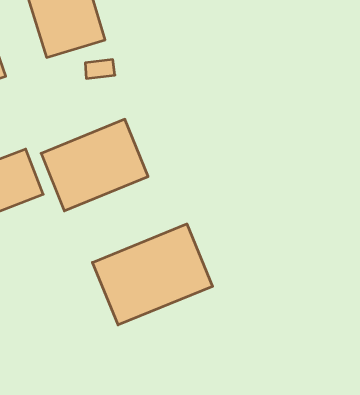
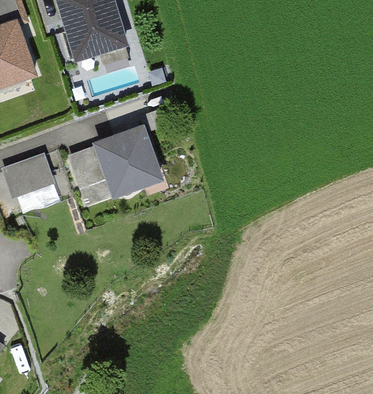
building: [92,224,213,325] -> none

